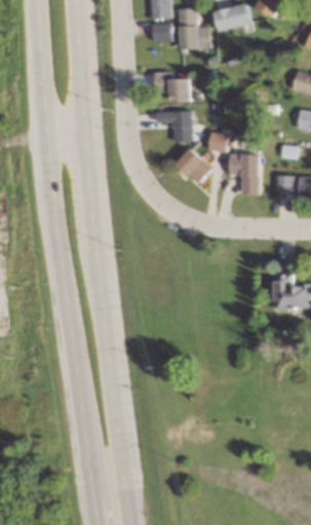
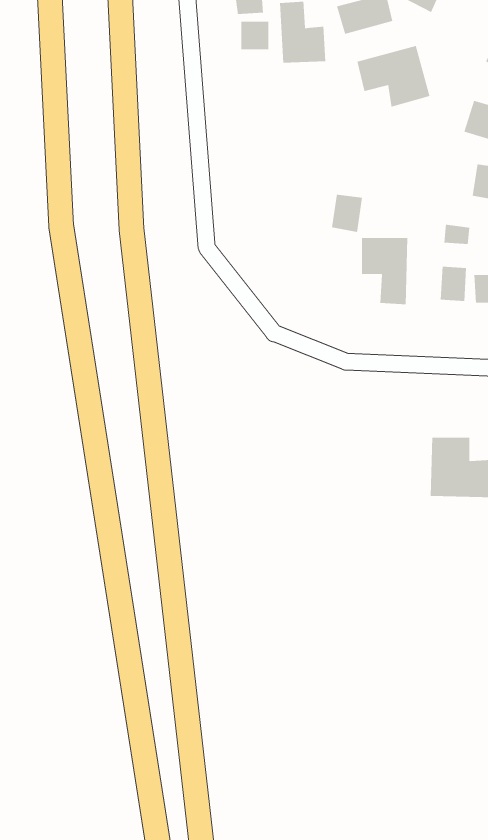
building: none -> [357,45,430,108]
building: [153,72,190,107] -> none
building: [157,111,192,138] -> none
building: [178,149,210,179] -> none

